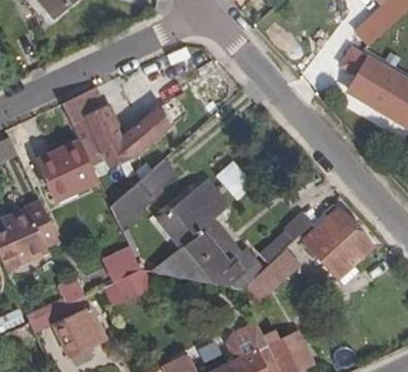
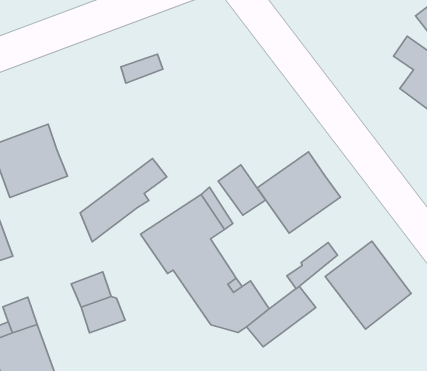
building: [61,89,171,169] -> none
building: none -> [257,152,341,233]
building: [152,245,219,285] -> none

